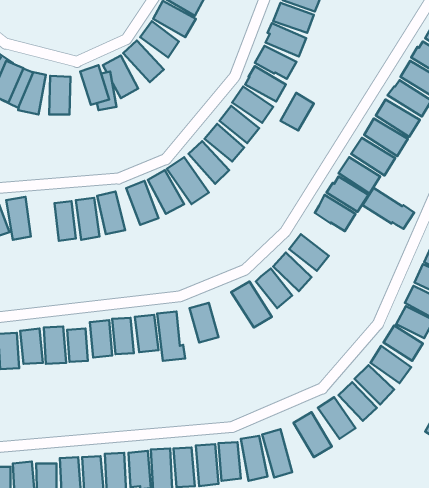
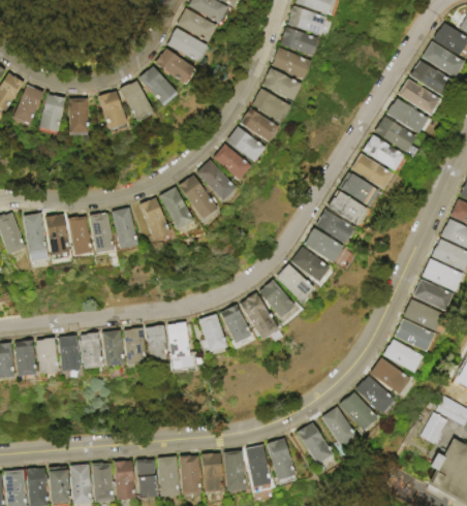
building: [280,93,314,131] -> none
building: [363,188,414,229] -> [306,230,355,270]
building: none -> [42,215,67,254]
building: none -> [219,306,251,344]

